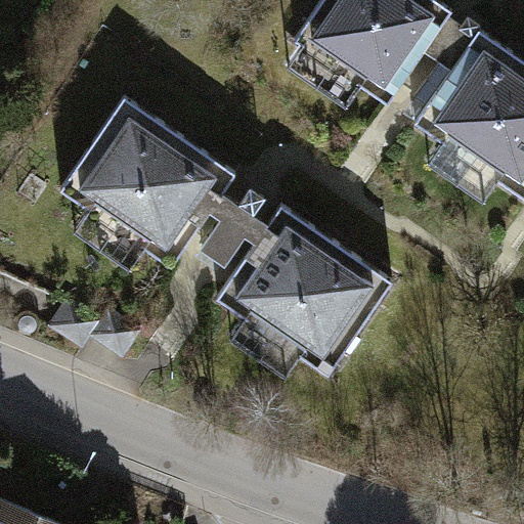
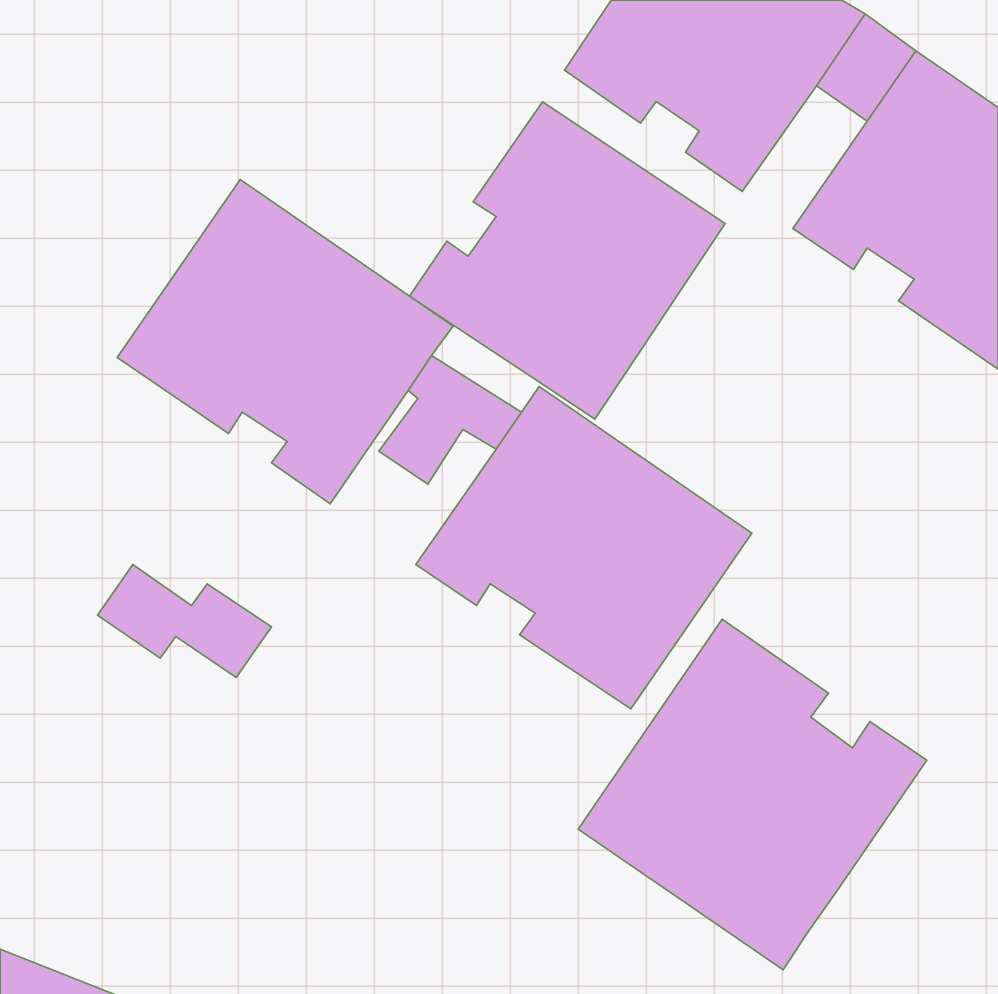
building: none -> [409,102,725,419]
building: none -> [578,619,927,970]

